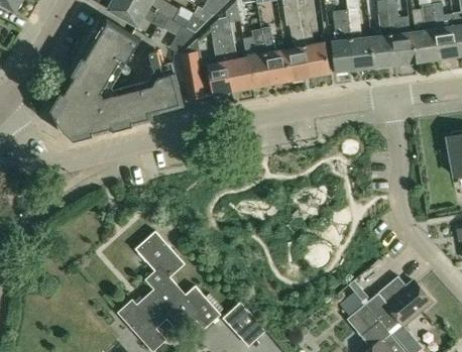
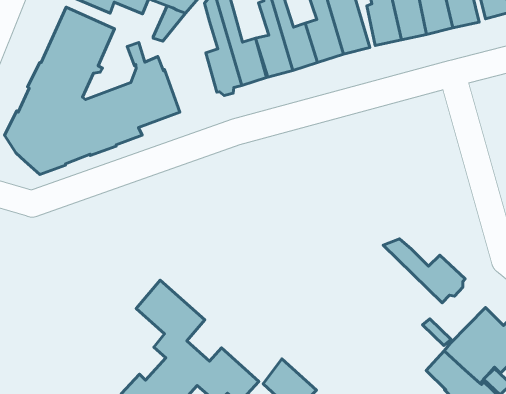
building: [182,50,206,99] -> none
building: none -> [383,239,465,303]

